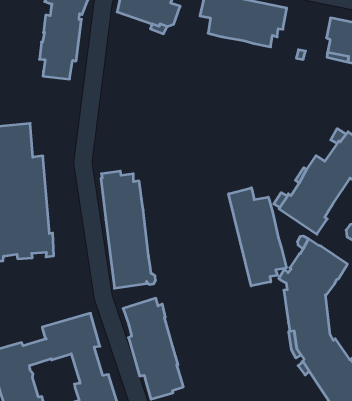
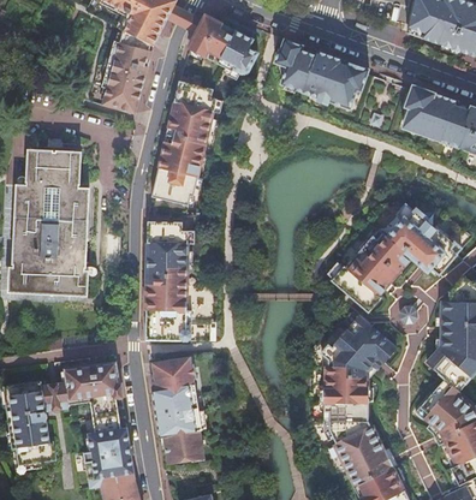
building: none -> [151,76,216,203]
building: [229,188,286,286] -> none

